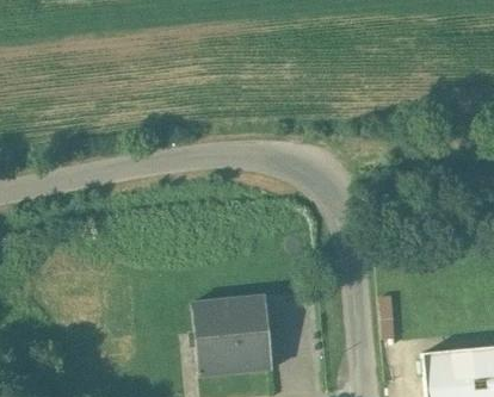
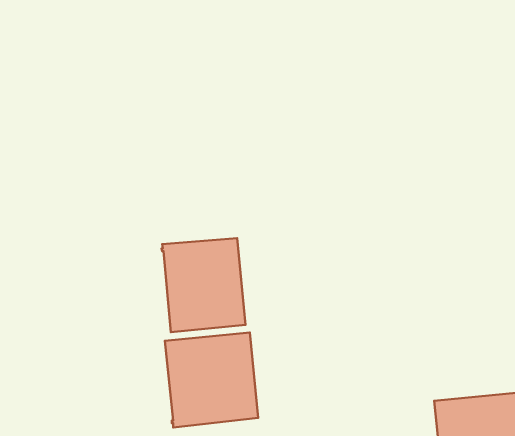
building: none -> [162,238,246,332]

